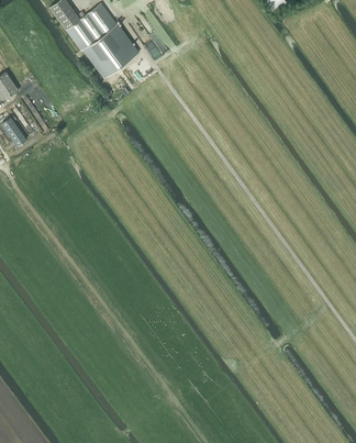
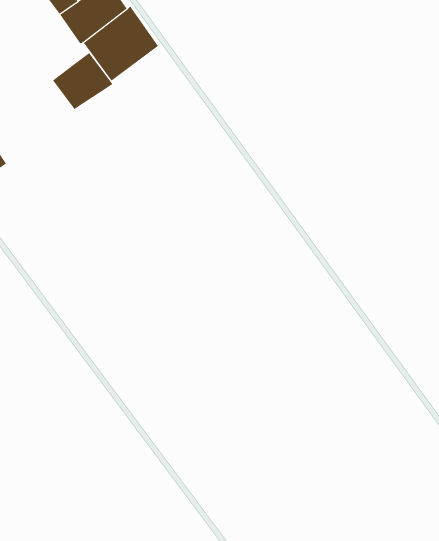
building: none -> [52,52,113,110]

